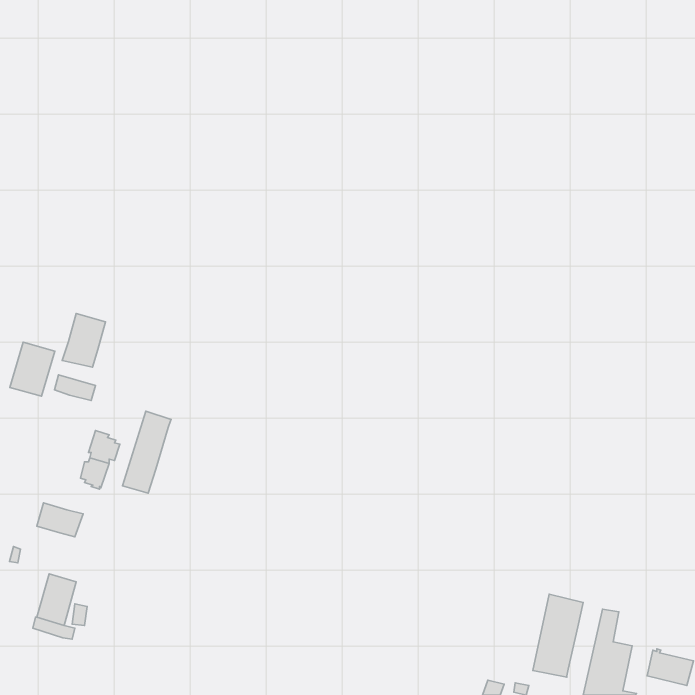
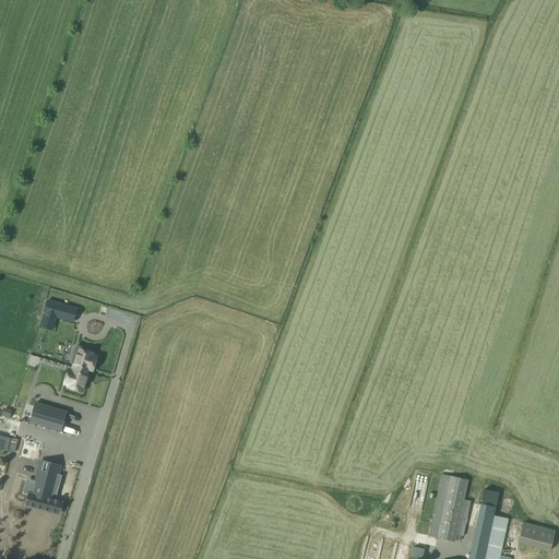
building: [62,314,106,367] -> none
building: [10,342,55,396] -> none
building: [123,411,171,493] -> none

